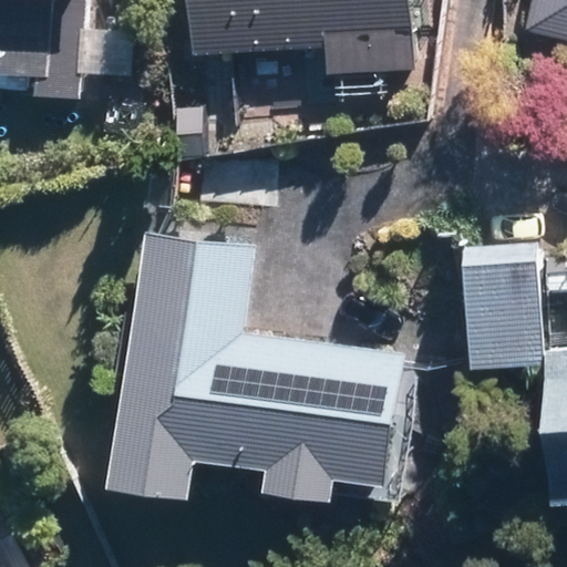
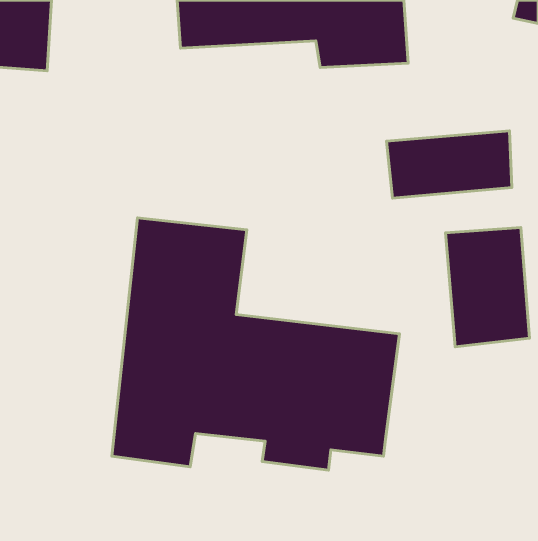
building: none -> [387,131,512,198]

